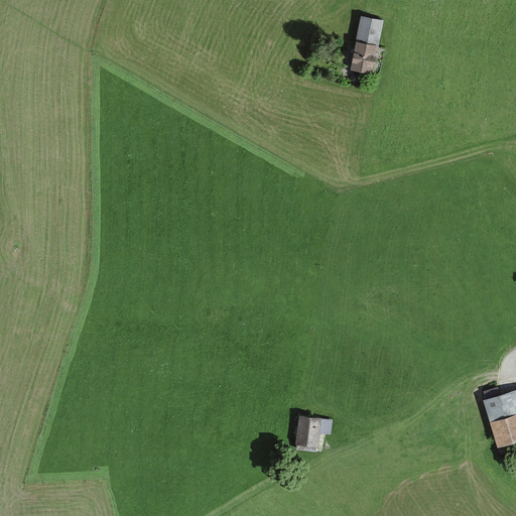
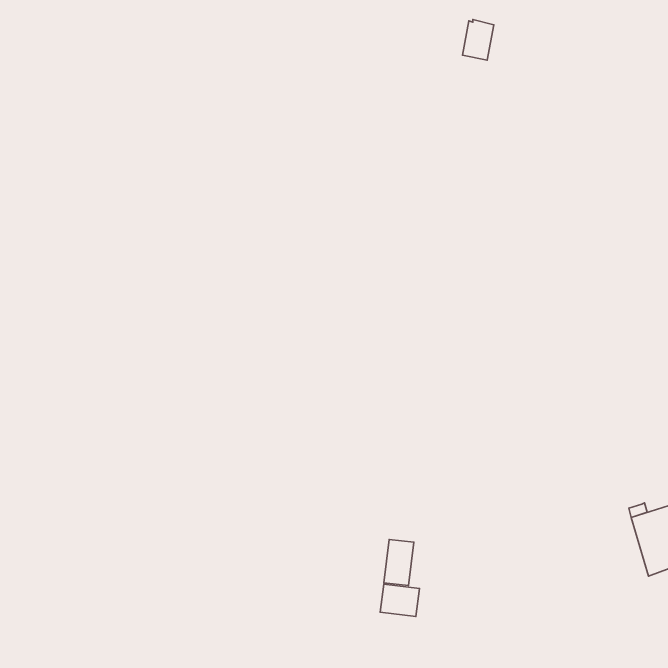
building: [351,43,376,73] -> none
building: none -> [380,584,419,617]

